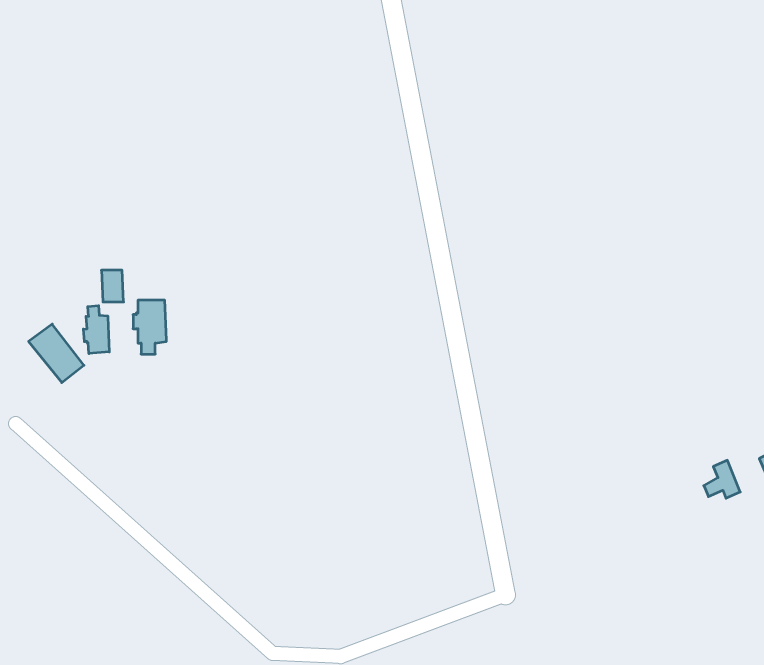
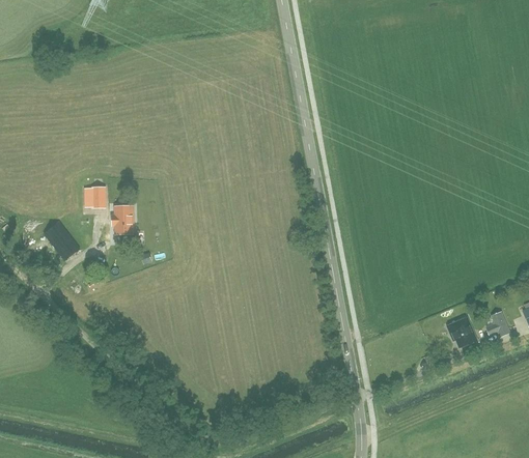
building: [83,306,109,354] -> none
building: none -> [448,321,476,347]

